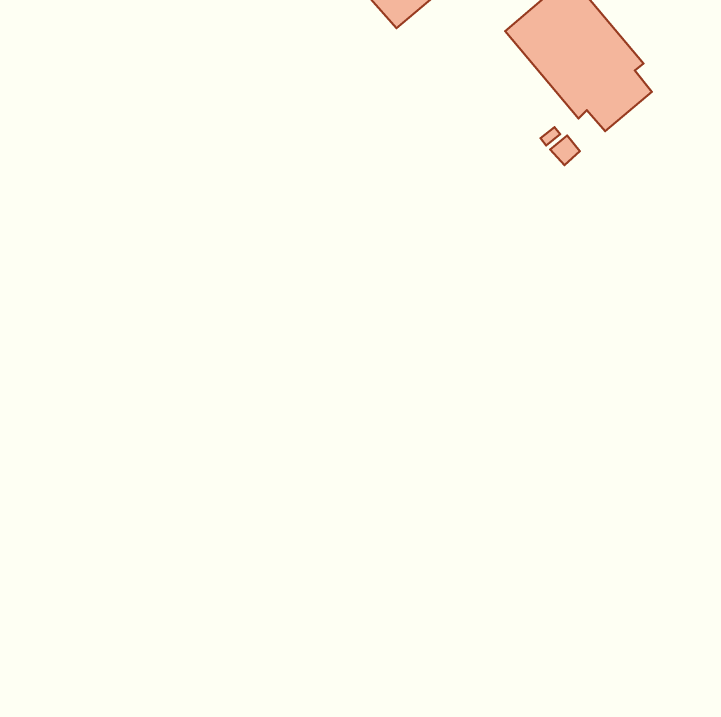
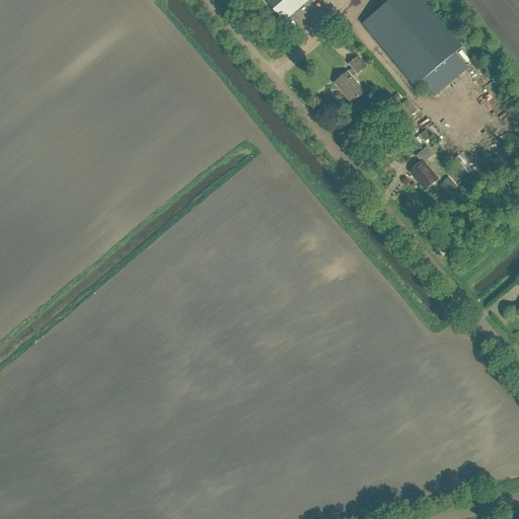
building: none -> [335,55,367,101]
building: none -> [410,144,438,188]

